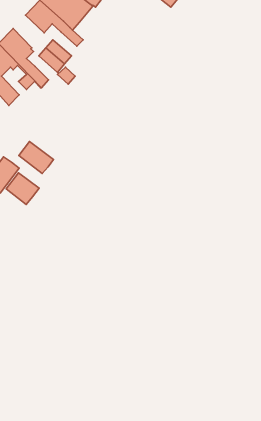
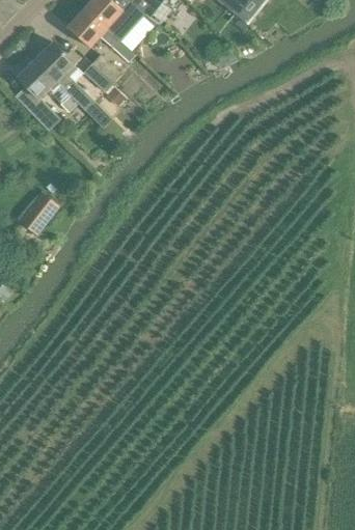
building: [19,142,54,174] -> none
building: [6,173,39,204] -> none

